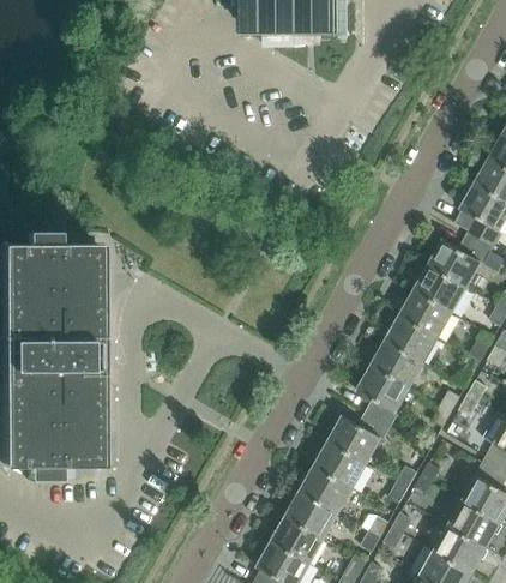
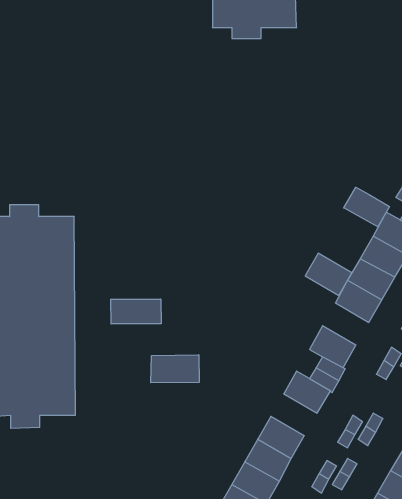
building: none -> [344,187,389,227]
building: none -> [111,299,161,324]
building: [373,339,424,386] -> [305,253,352,295]
building: none -> [151,355,199,383]
building: [315,440,367,487] -> none

